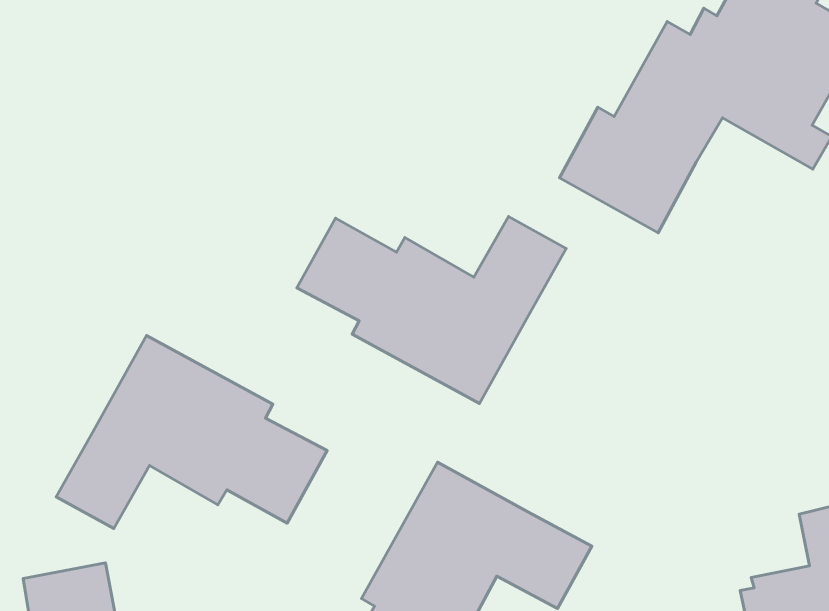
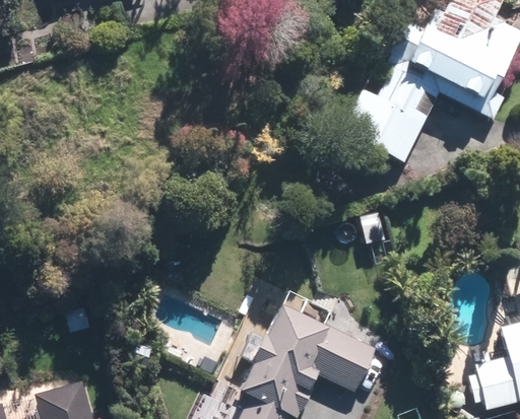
building: [297,217,566,404] -> none
building: [56,335,327,529] -> none

